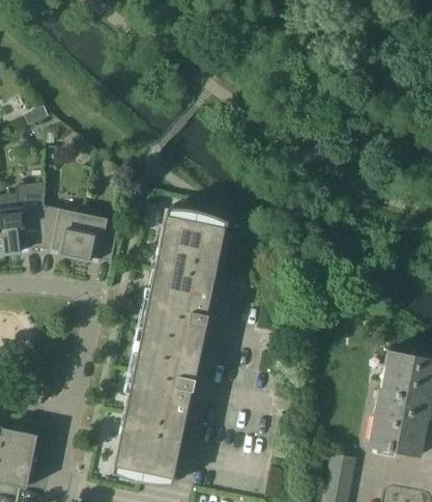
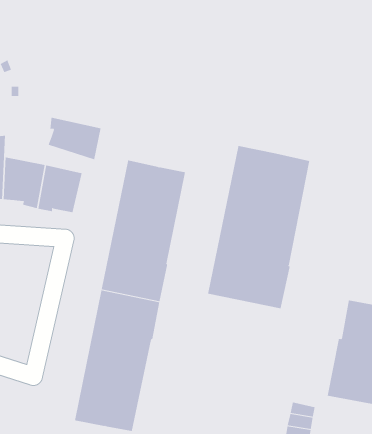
building: none -> [48,117,101,160]
building: none -> [208,145,310,309]

